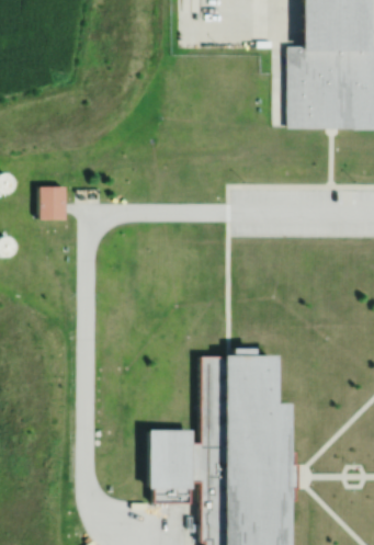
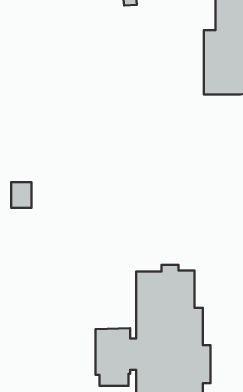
building: [41,185,67,218] -> [11,182,31,208]

